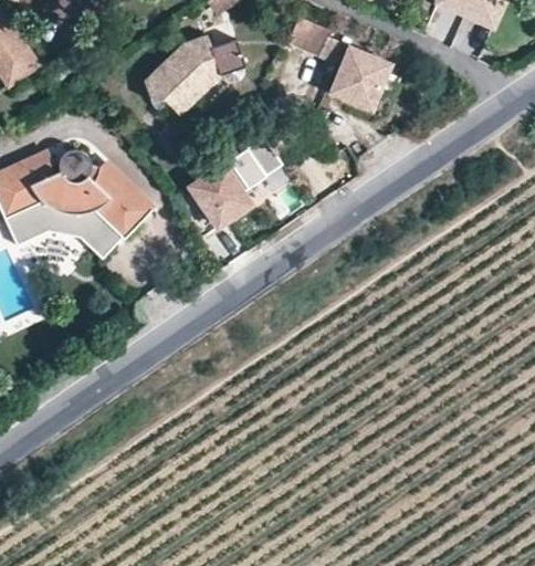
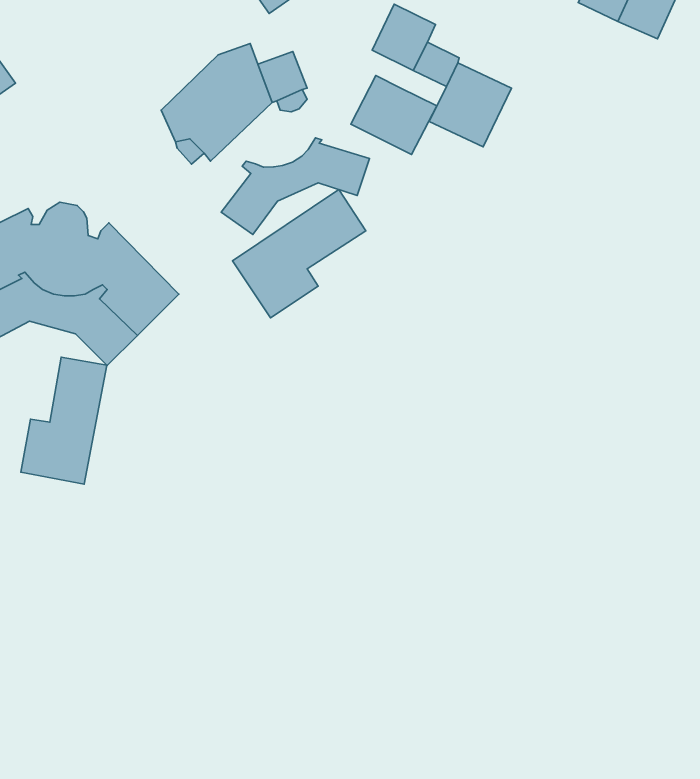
building: none -> [351,75,437,155]
building: none -> [221,138,369,235]
building: none -> [21,357,107,484]

